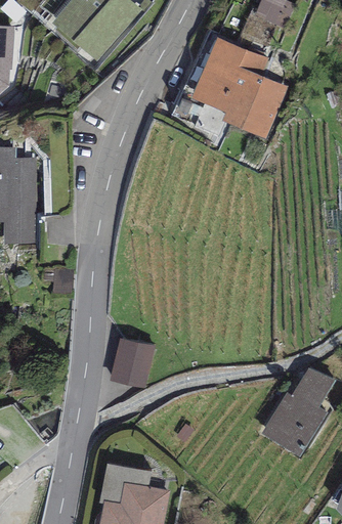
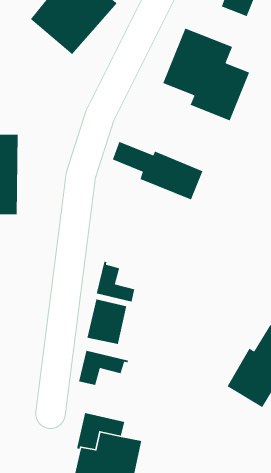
building: none -> [112,141,203,200]
building: none -> [96,261,135,303]
building: none -> [78,350,129,386]

